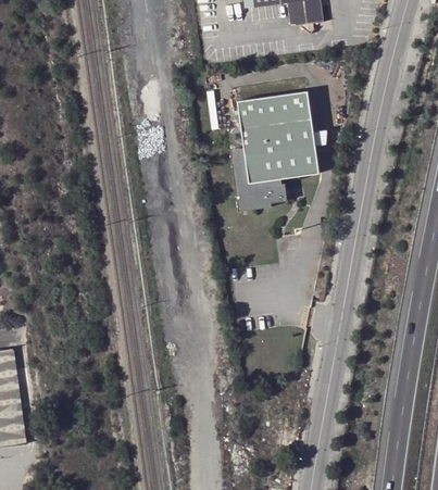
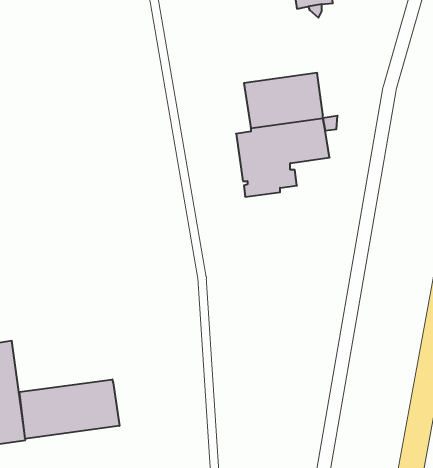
building: none -> [19,379,119,439]

